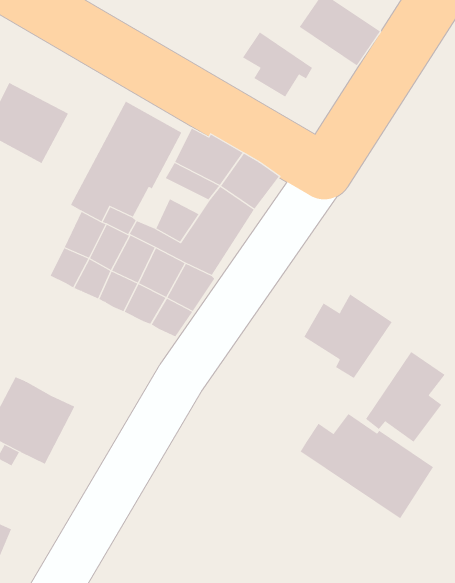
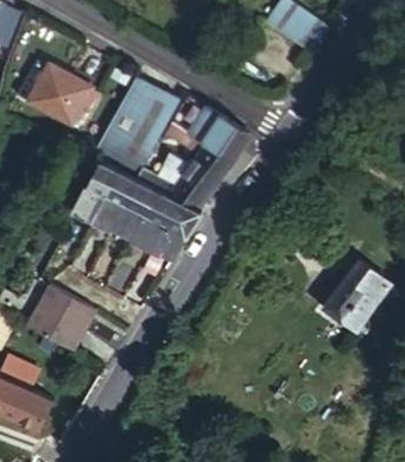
building: [242,32,313,98] -> none
building: [303,293,392,379] -> none
building: [300,413,434,519] -> none

